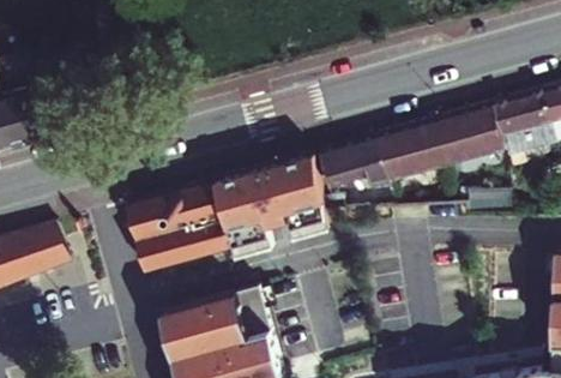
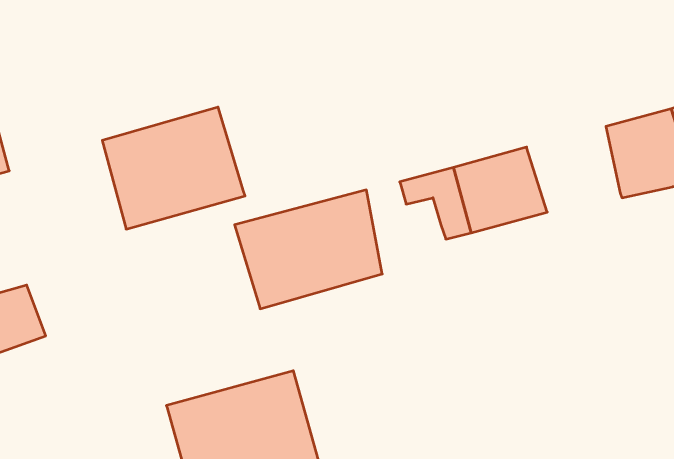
building: [429,103,500,168] -> none
building: [314,145,364,188] -> none
building: [121,178,229,270] -> [102,107,245,229]

